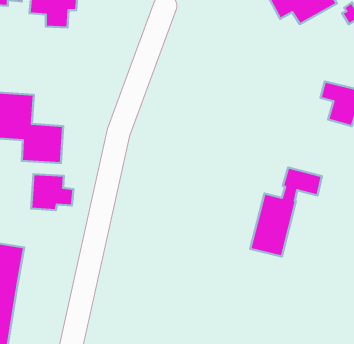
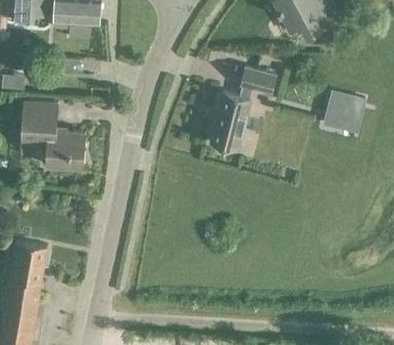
building: [250,167,322,256] -> [207,66,275,150]
building: [31,174,73,210] -> none

